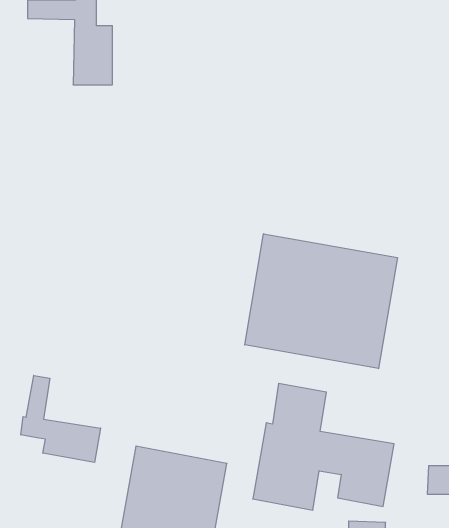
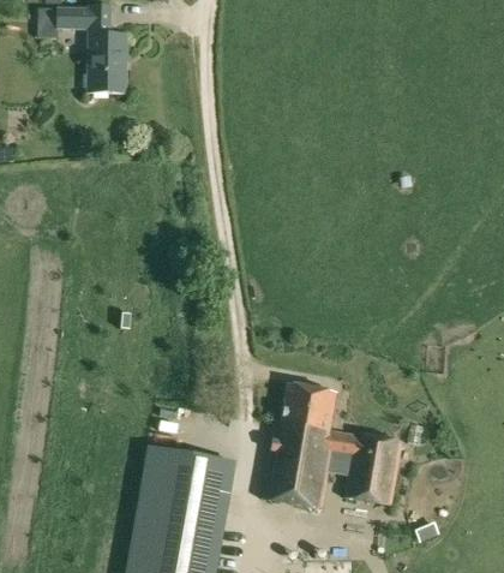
building: [245,234,397,369] -> none
building: [21,375,101,462] -> none

